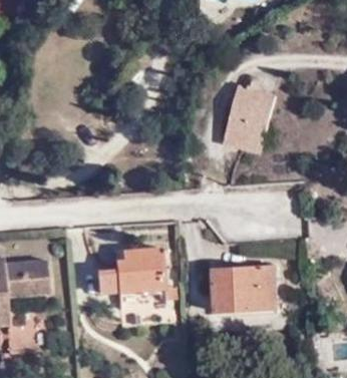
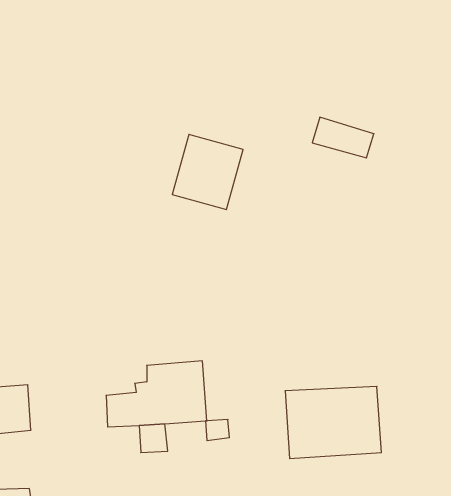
building: [222,102,269,152] -> [172,134,243,210]

